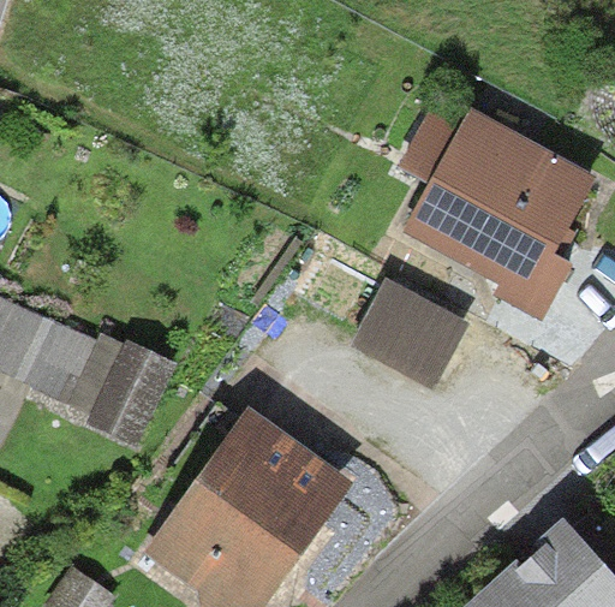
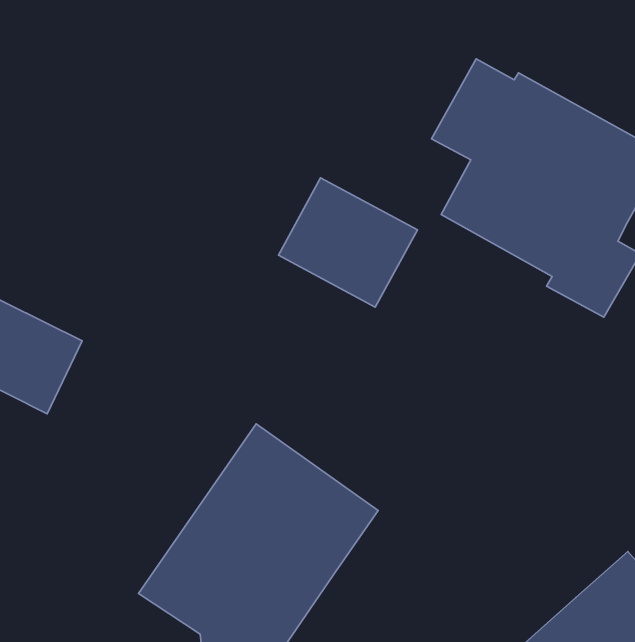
building: [351,279,470,389] -> [279,178,417,307]
building: [65,331,177,447] -> none

